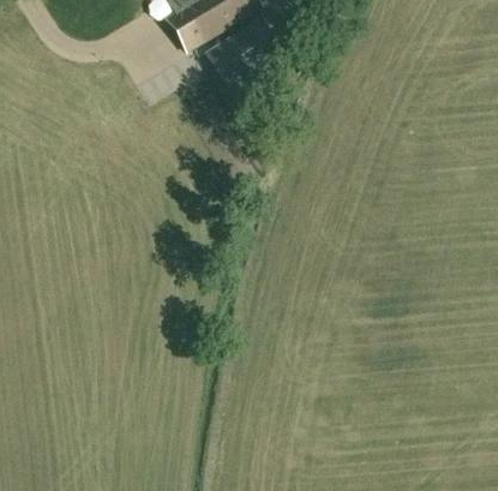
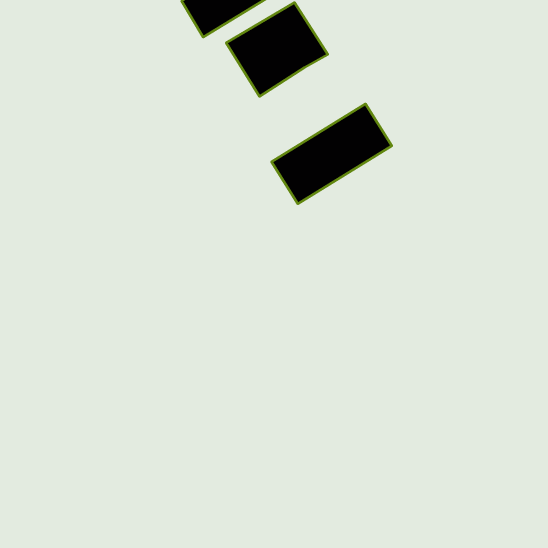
building: none -> [271,104,392,204]

